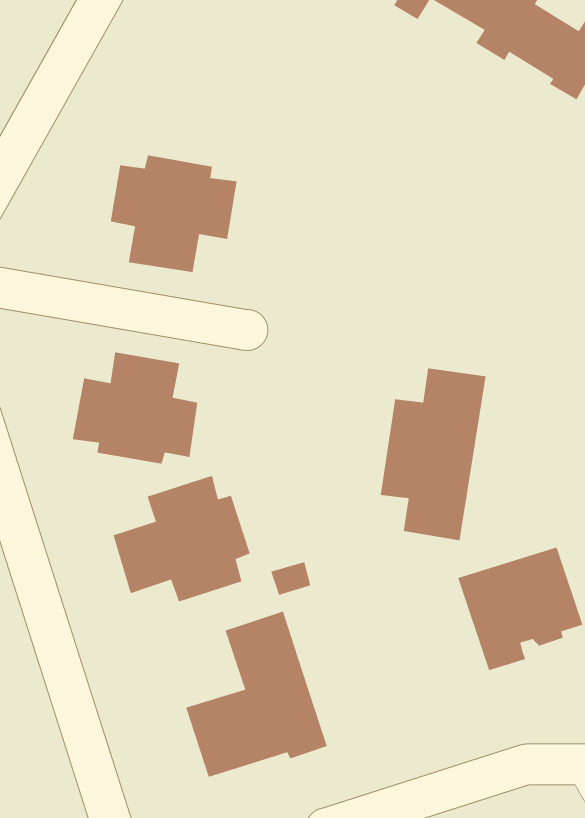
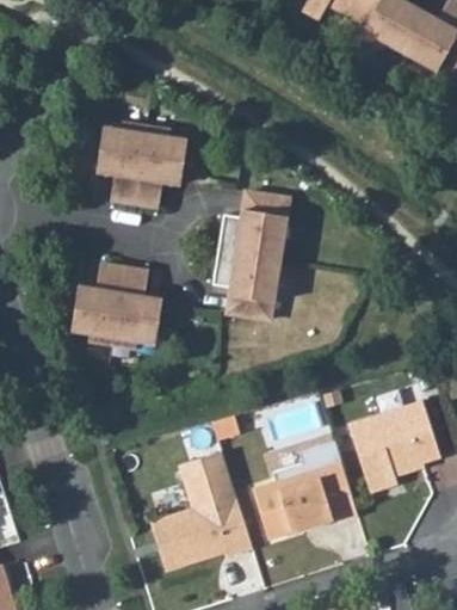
building: [380,368,486,541] -> [209,190,286,316]
building: [113,475,251,603] -> none
building: none -> [253,443,359,541]

